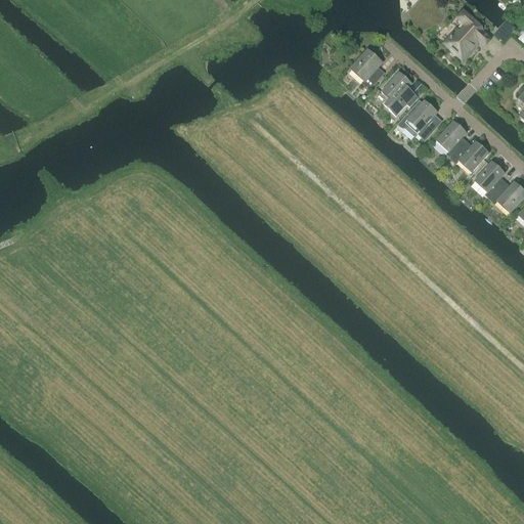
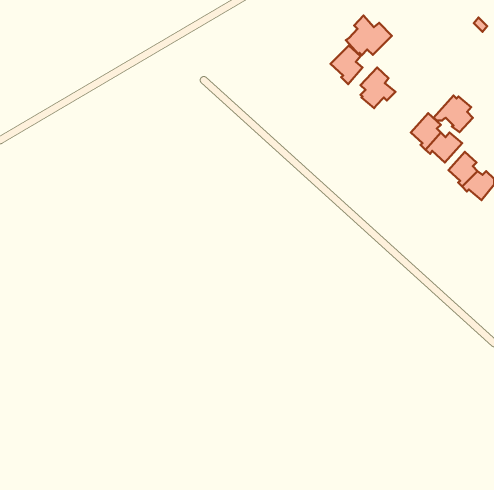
building: [444,9,491,57] -> none
building: none -> [346,15,392,55]
building: [397,99,439,138] -> [433,96,473,132]

